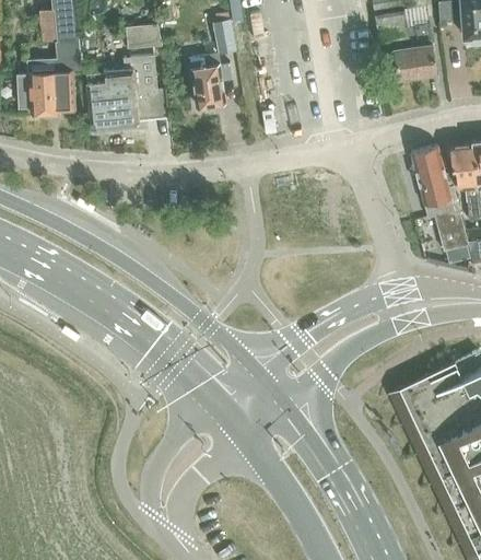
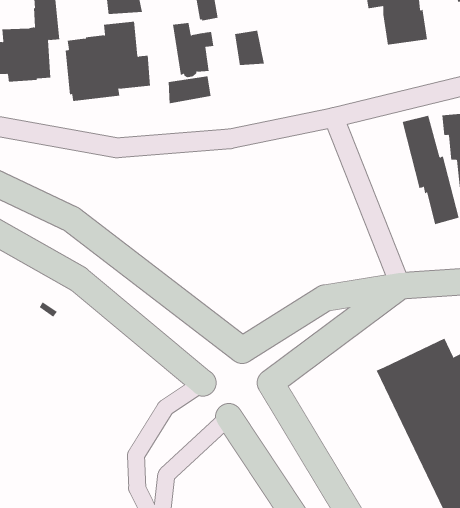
building: none -> [234,30,264,66]
building: none -> [168,75,211,104]

